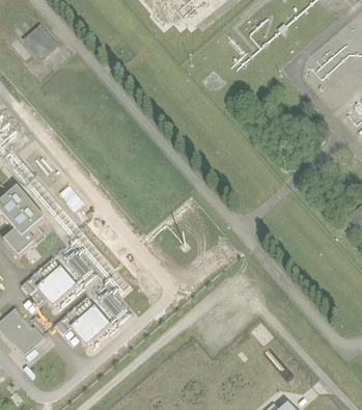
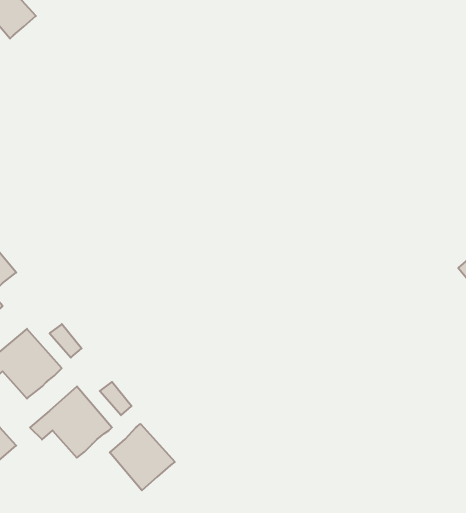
building: none -> [110,424,175,490]

